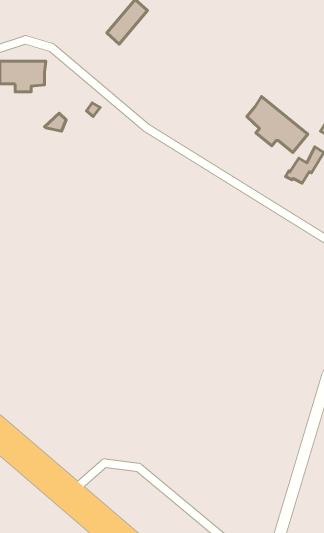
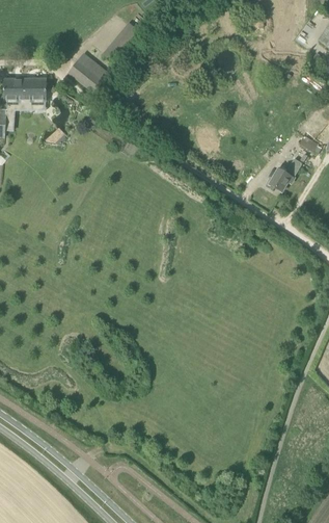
building: none -> [68,52,110,93]
building: [247,96,308,152] -> none

